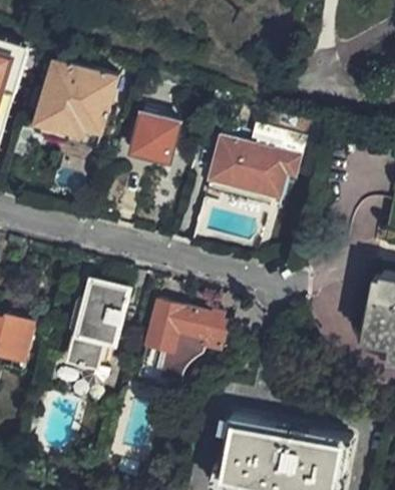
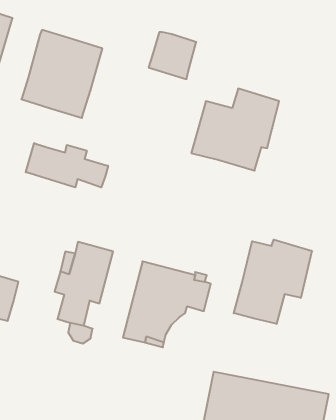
building: [131,115,180,163] -> [149,32,196,79]
building: none -> [26,143,108,187]
building: none -> [234,240,312,324]

